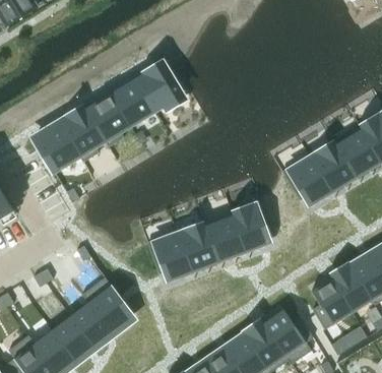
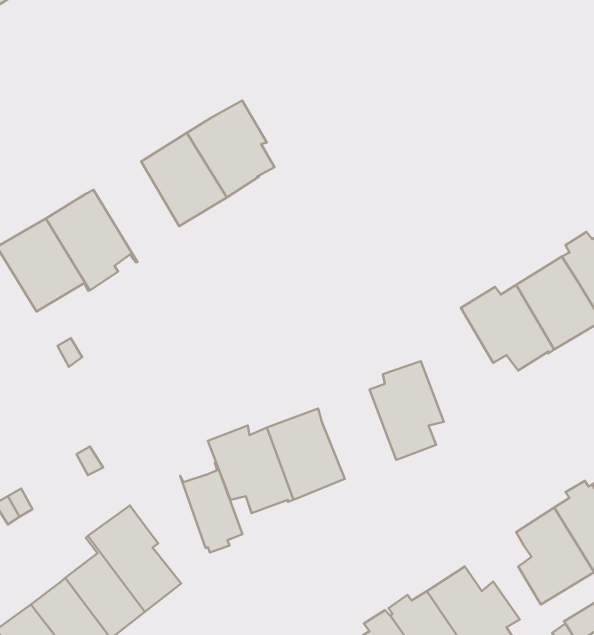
building: [85,94,131,147] -> none
building: [205,215,247,263] -> none
building: none -> [180,461,243,553]

